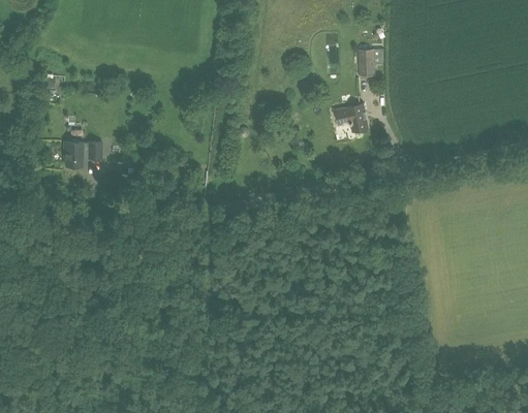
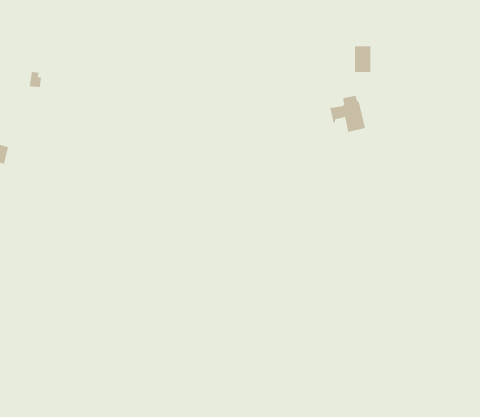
building: [63,144,101,167] -> none

